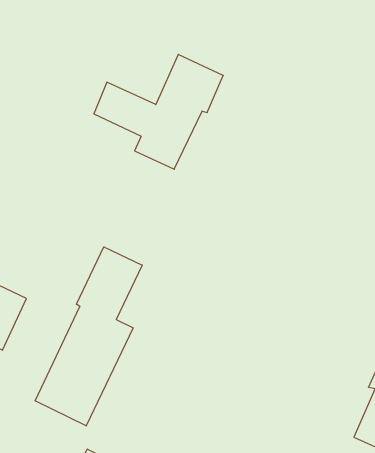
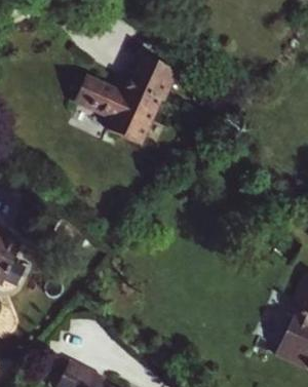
building: [35,247,142,426] -> none

